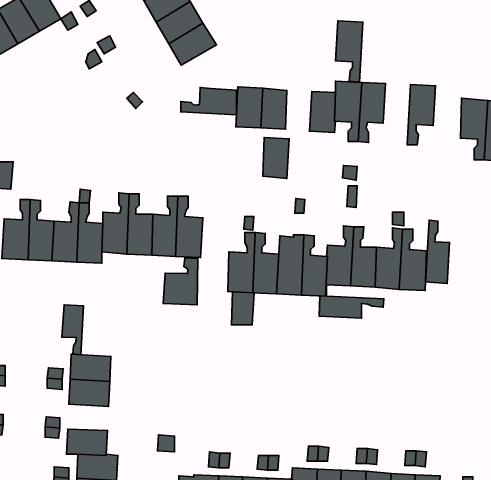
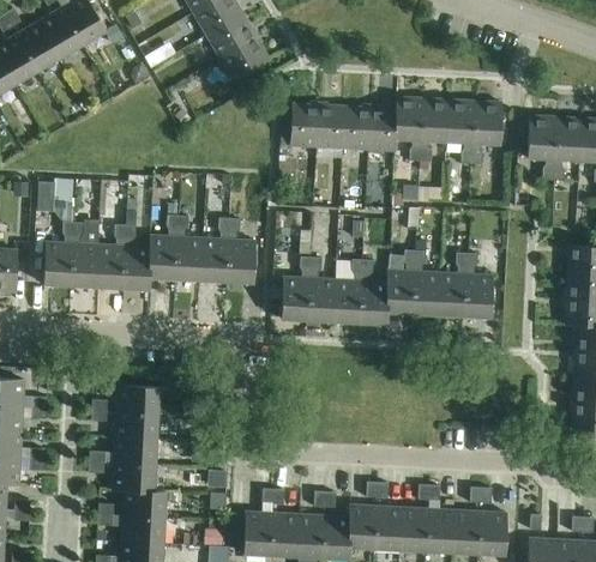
building: [336,21,363,82] -> [447,99,476,164]
building: [181,88,237,115] -> none
building: [263,138,289,179] -> [344,107,372,150]
building: [426,220,450,283] -> none
building: [163,258,198,305] -> none
building: [231,292,254,325] -> none
building: [319,296,384,318] -> none
building: [62,305,84,355] -> none
building: none -> [114,437,157,465]

